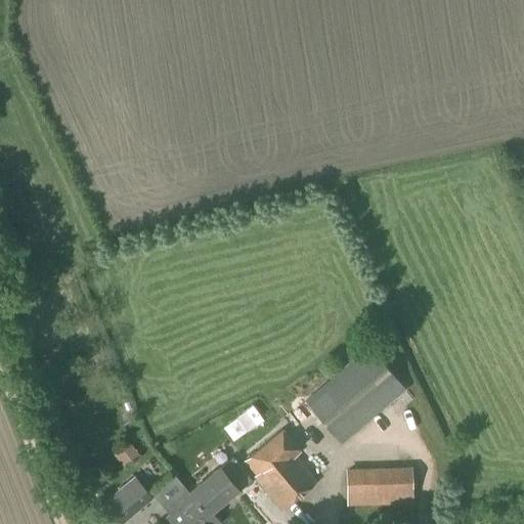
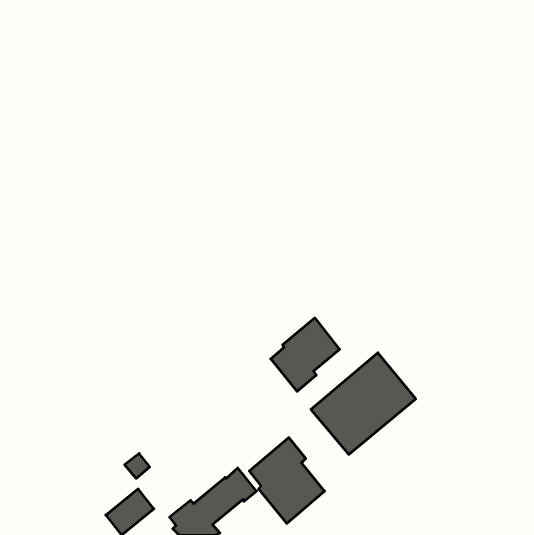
building: none -> [271,318,340,391]
building: [346,467,412,507] -> none

